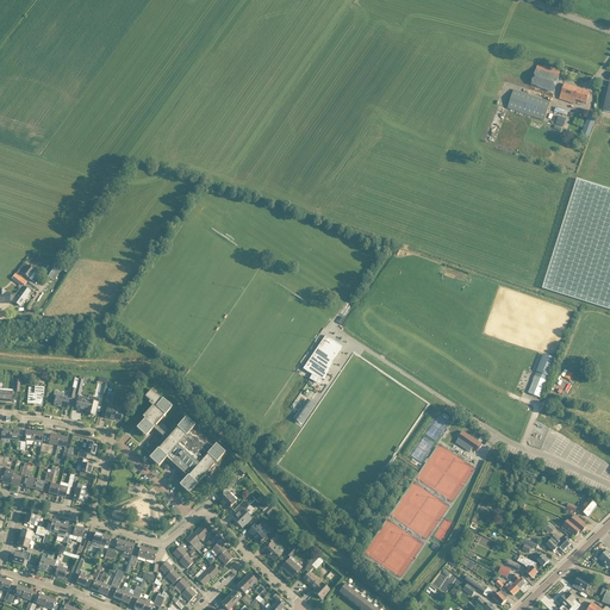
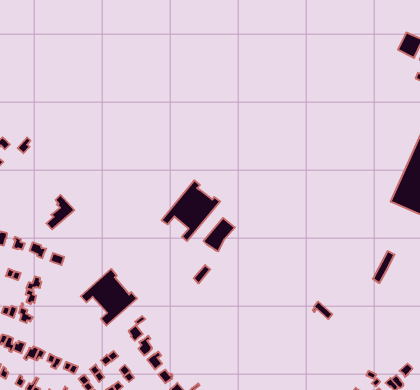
building: [508,88,550,118] -> none
building: none -> [162,180,220,241]
building: [137,388,172,435] -> [46,195,74,229]

